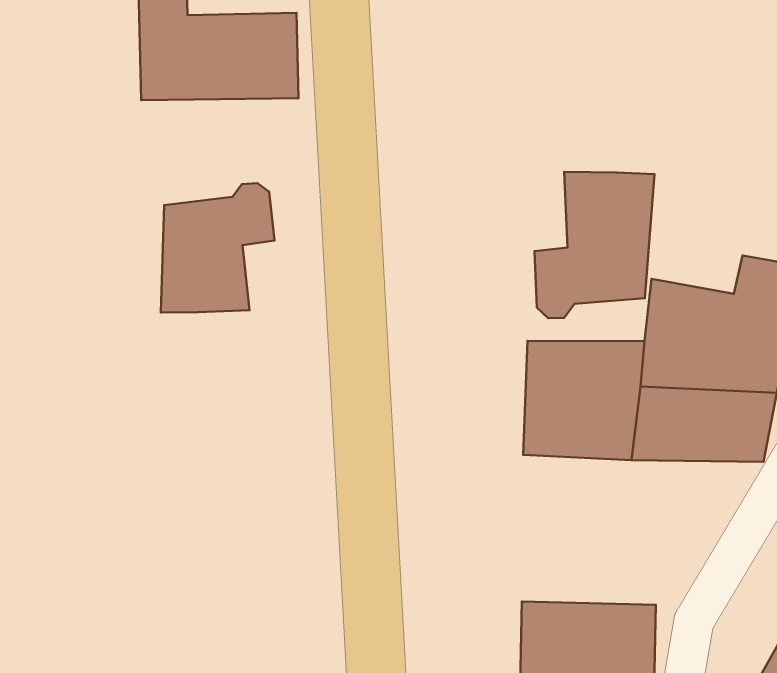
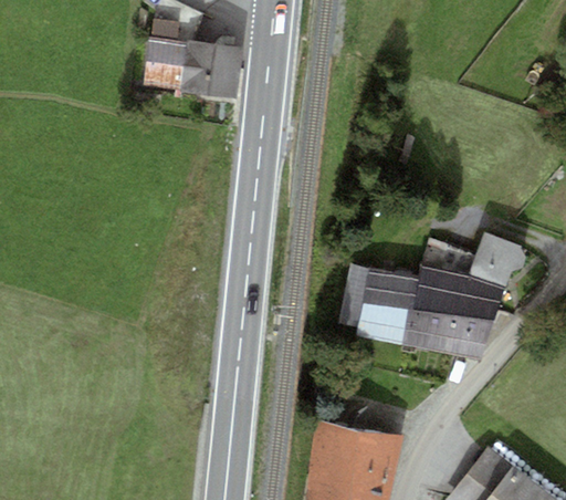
building: [534,172,655,318] -> none
building: [161,183,274,313] -> none

